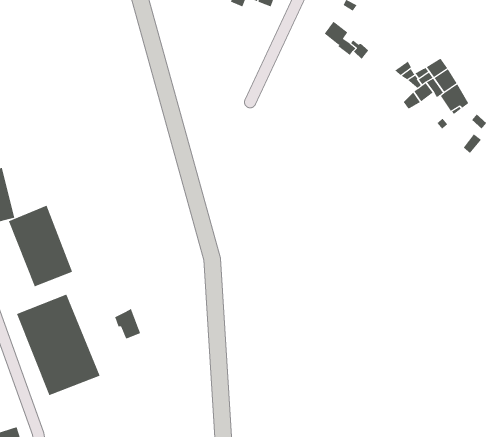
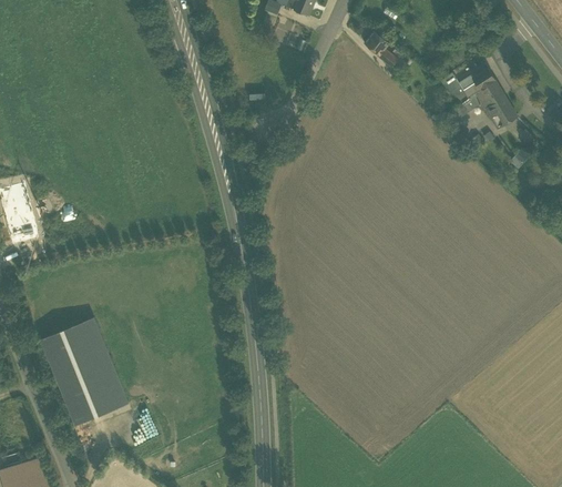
building: [8,205,73,287] -> none
building: [114,308,141,340] -> none

